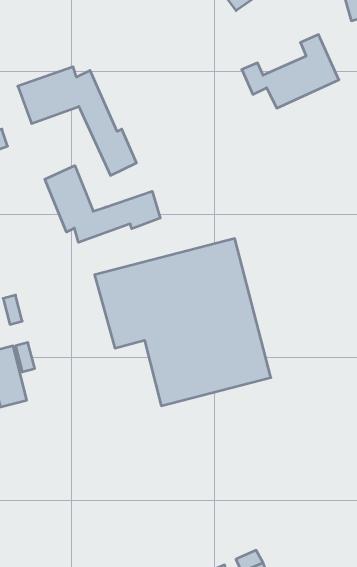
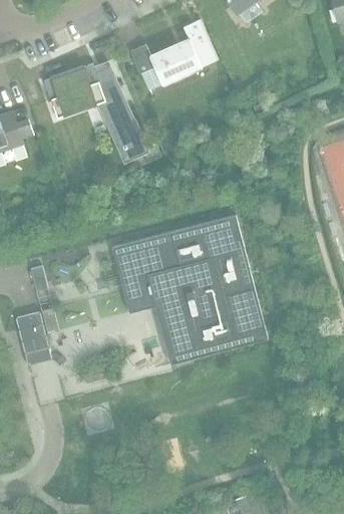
building: [242,35,339,108] -> [131,19,218,84]
building: [45,166,160,242] -> none

